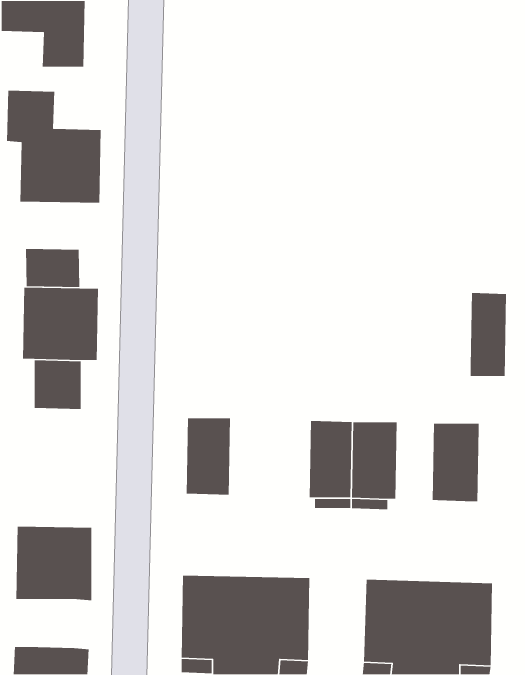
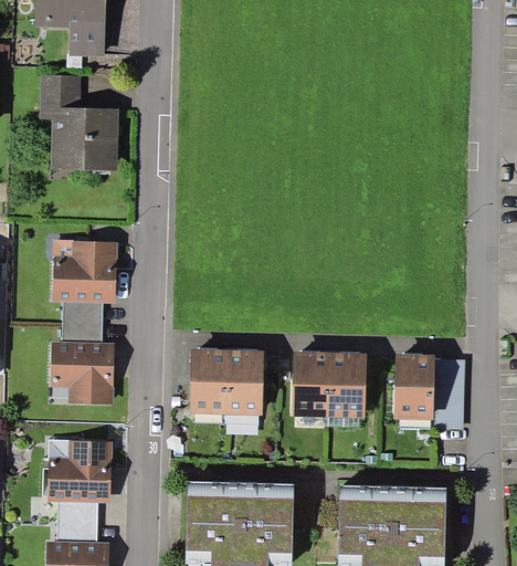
building: [25,248,80,288] -> none
building: [470,292,507,377] -> [433,358,464,429]
building: none -> [50,340,114,403]
building: none -> [225,349,263,416]
building: none -> [55,502,97,542]

